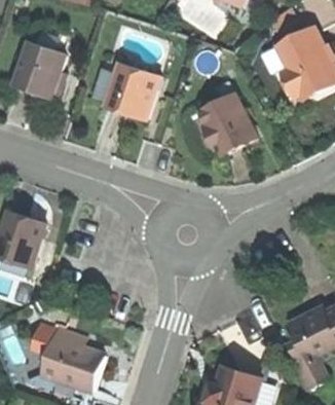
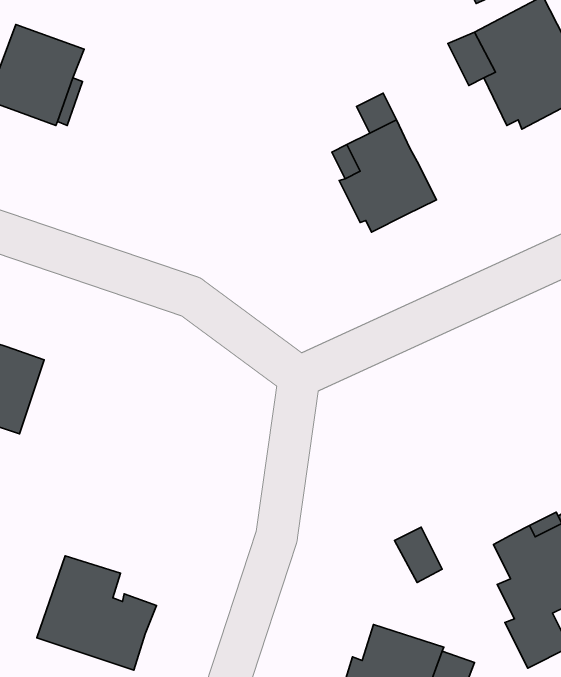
building: [103,63,158,120] -> none

